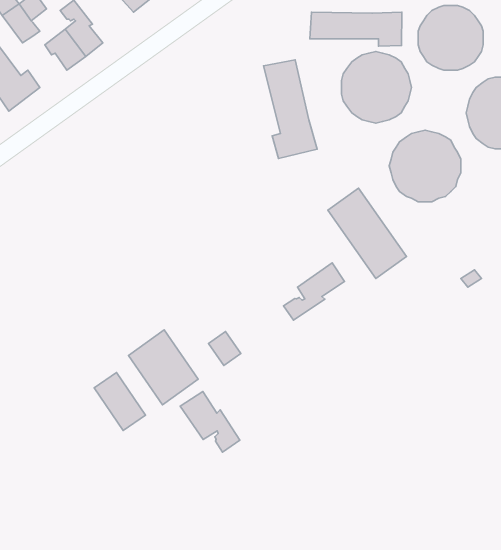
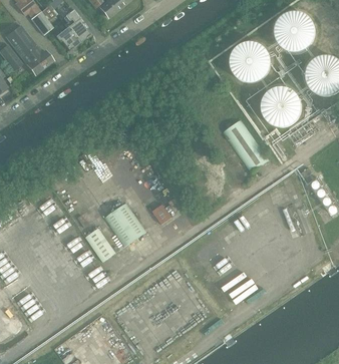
building: [310,12,402,46] -> none
building: [263,60,317,158] -> none
building: [283,263,344,320] -> none
building: [180,391,240,452] -> none

